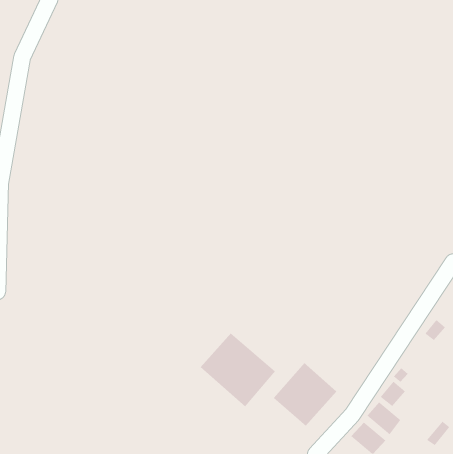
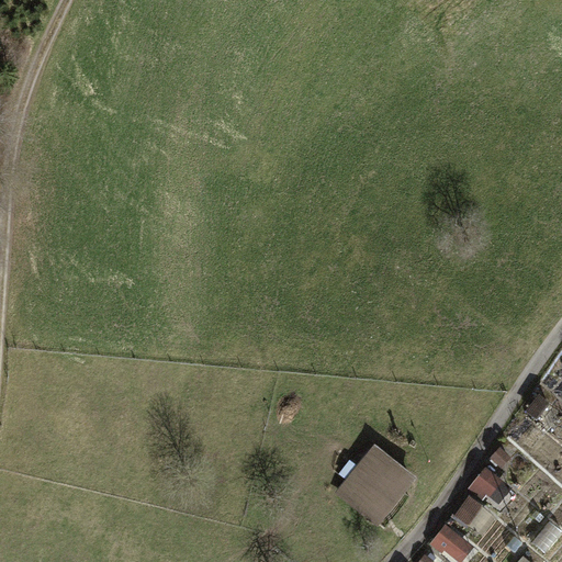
building: [200,332,276,407] -> none

